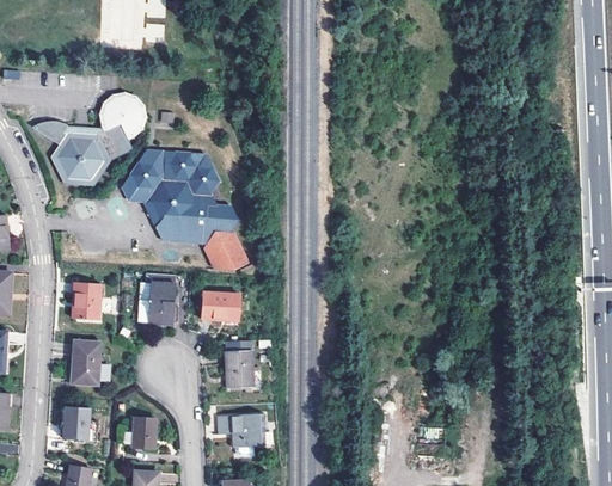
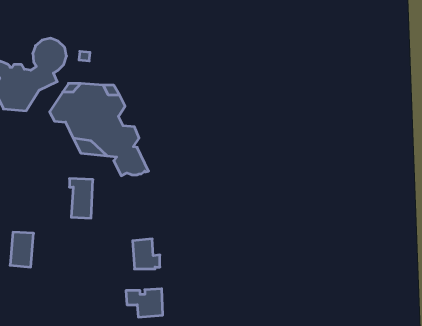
building: [72,282,102,319] -> none
building: [203,290,241,319] -> none
building: [63,406,97,441] -> none
building: [133,418,155,448] -> none

